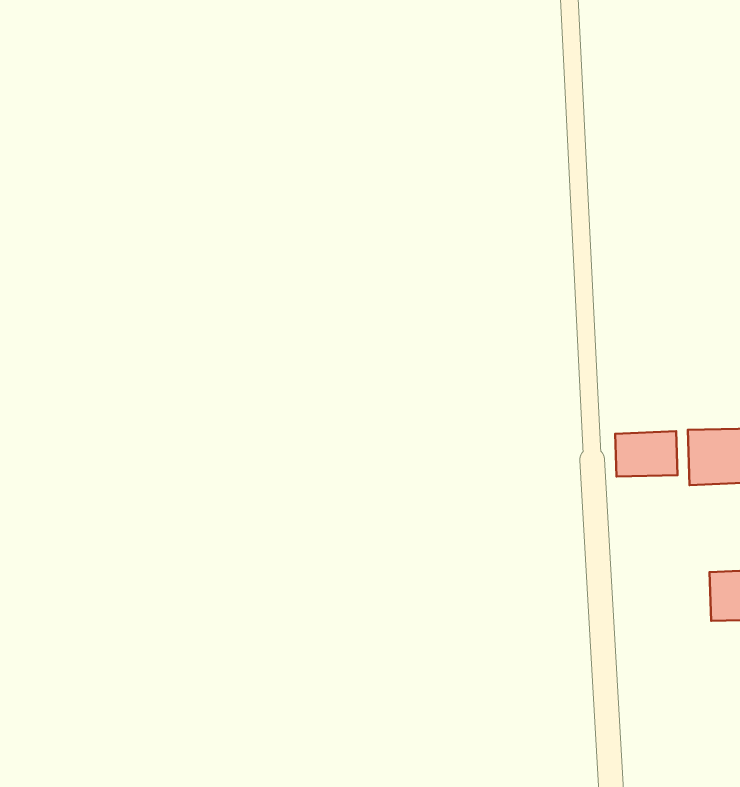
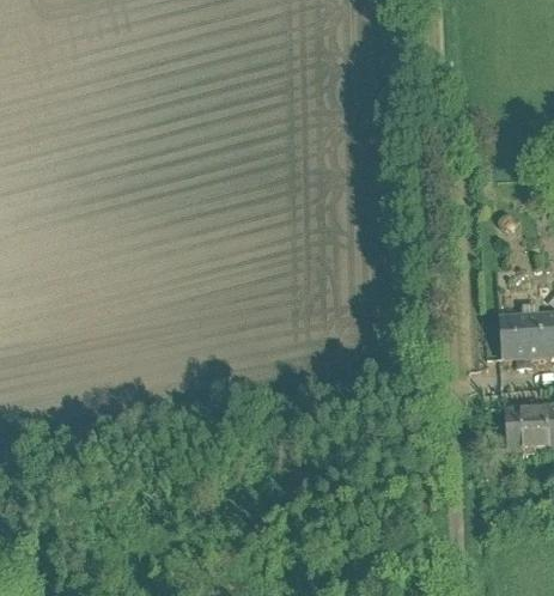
building: [615,431,678,476] -> none

